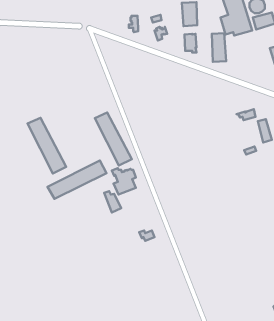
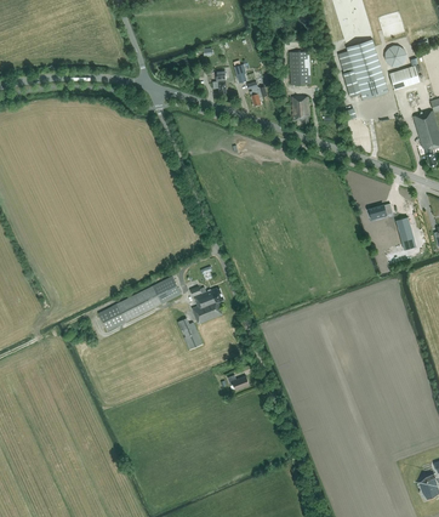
building: [212,33,226,62] -> none
building: [95,113,132,166] -> none
building: [27,118,66,173] -> none

